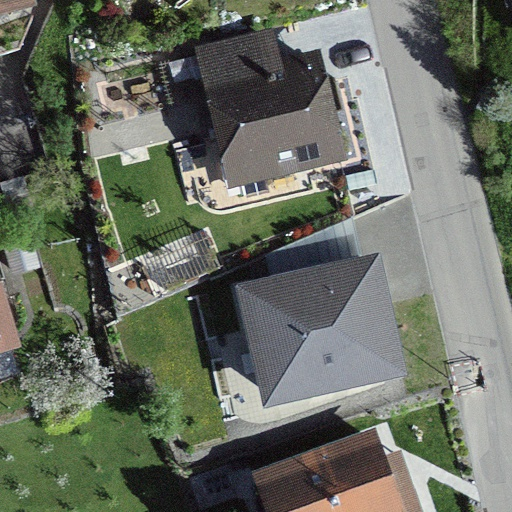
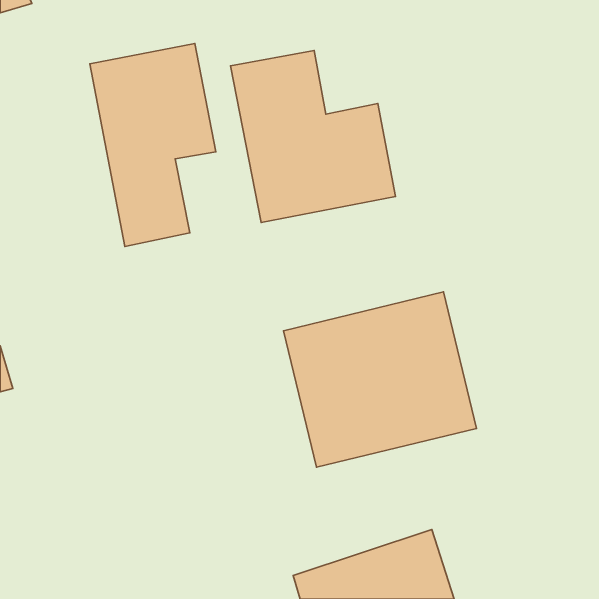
building: none -> [90,43,216,246]

